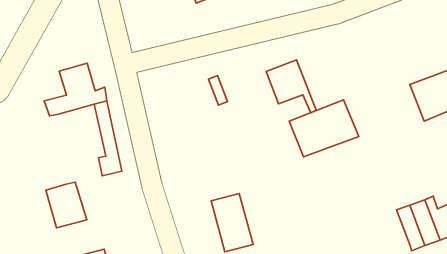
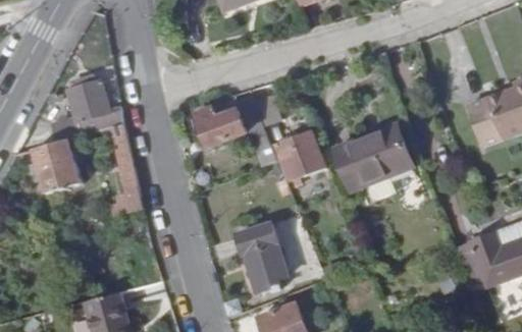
building: [266,60,316,113] -> [273,124,330,184]
building: none -> [196,100,249,148]
building: [46,182,87,228] -> [35,139,82,190]

